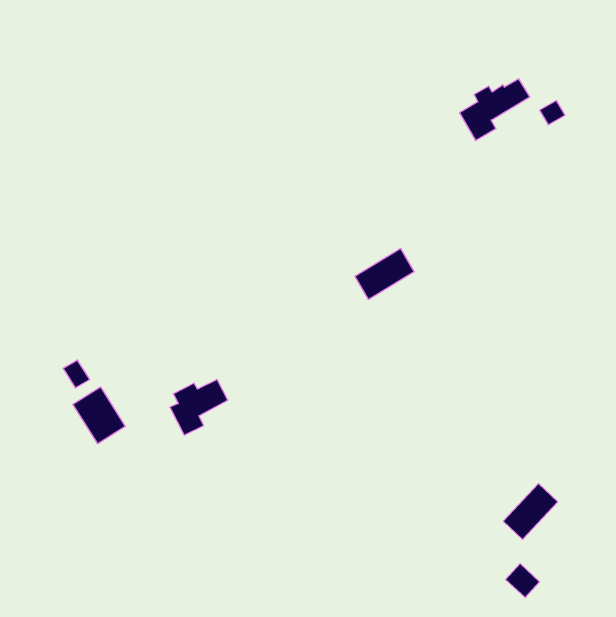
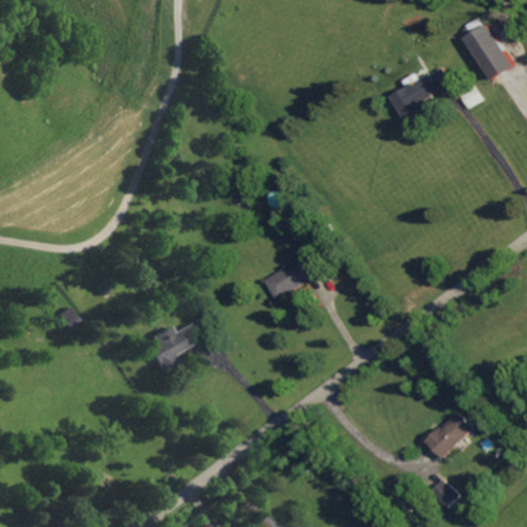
building: none -> [465,26,512,80]
building: [355,249,414,299] -> [265,258,315,302]
building: [73,387,125,444] -> none

